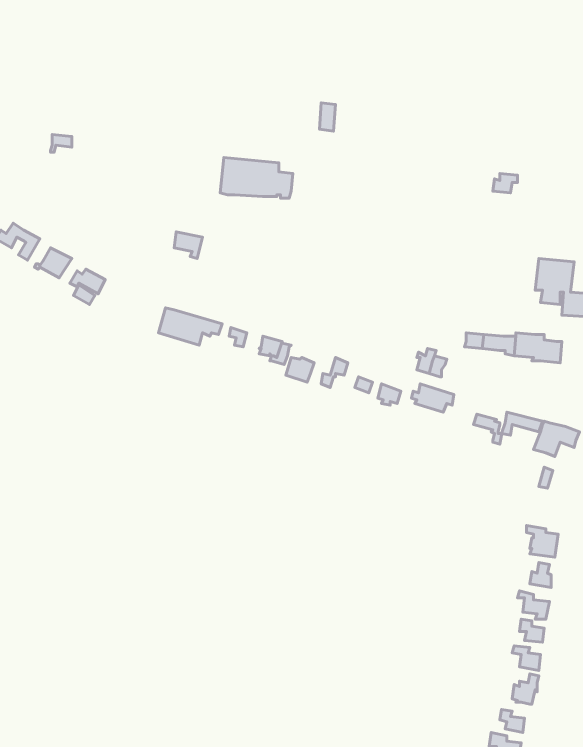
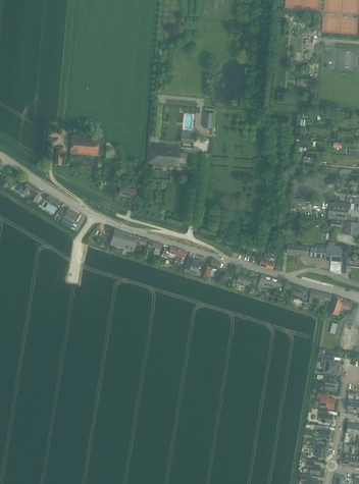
building: none -> [70,136,99,155]

